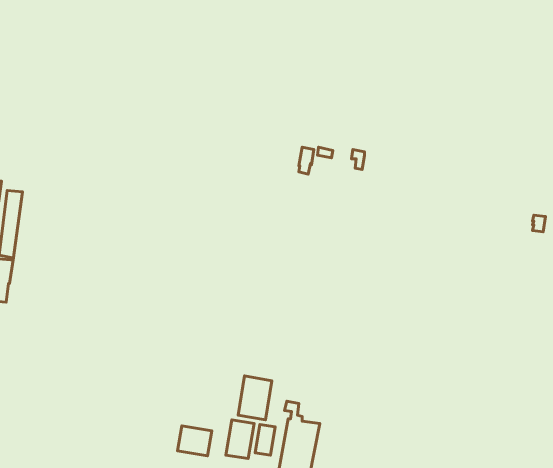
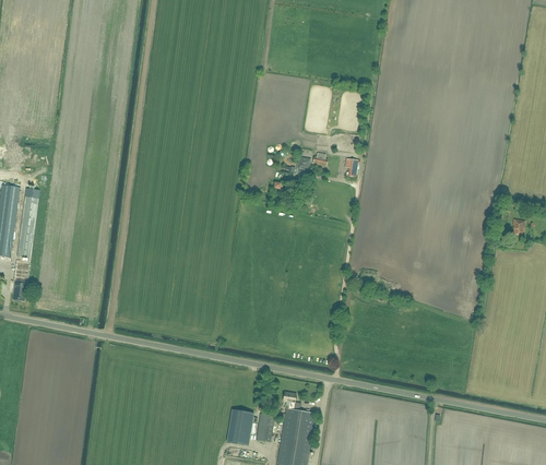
building: [238,376,272,420] -> none
building: [178,426,212,456] -> none

